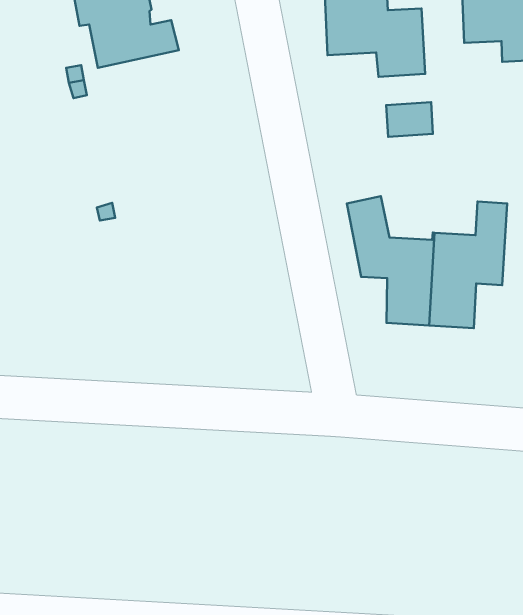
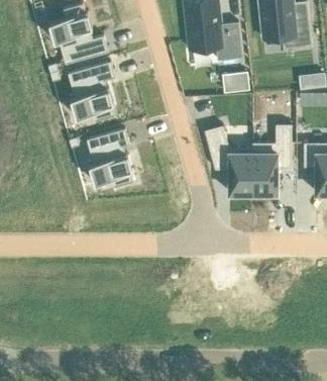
building: none -> [67,62,114,121]
building: none -> [85,129,131,188]

